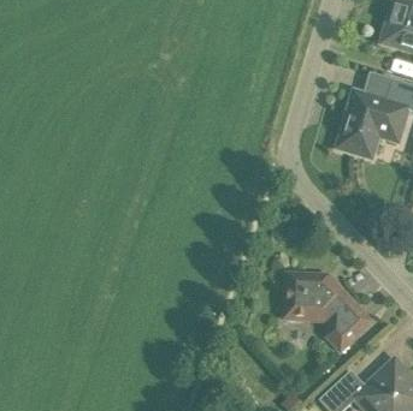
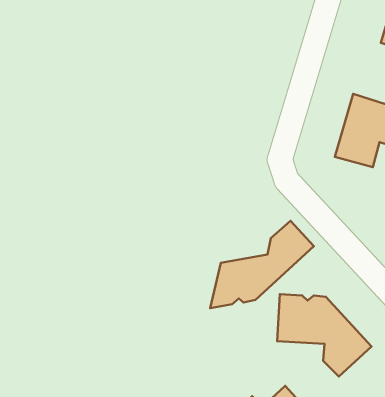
building: none -> [210,221,314,308]

